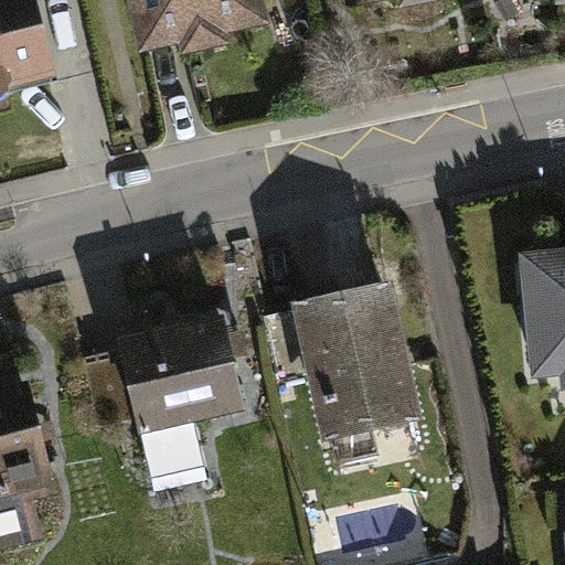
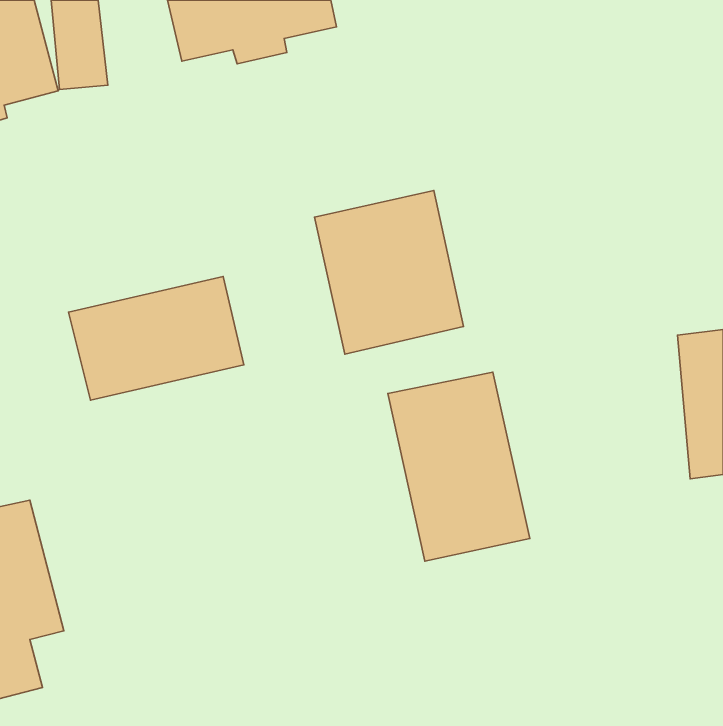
building: none -> [315,190,464,354]
building: none -> [68,277,244,400]
building: [82,324,241,476] -> none

